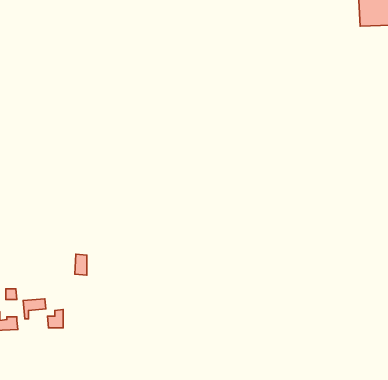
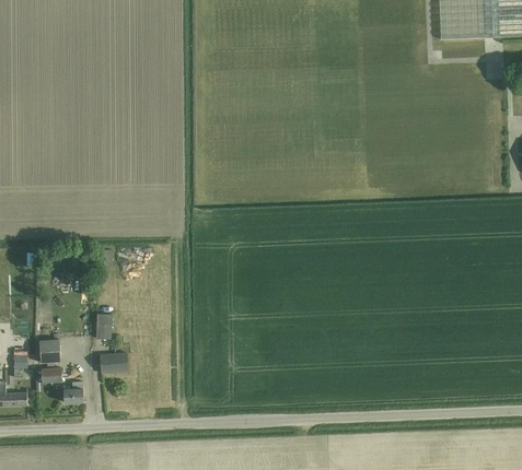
building: none -> [39,338,61,363]
building: none -> [100,352,127,374]

